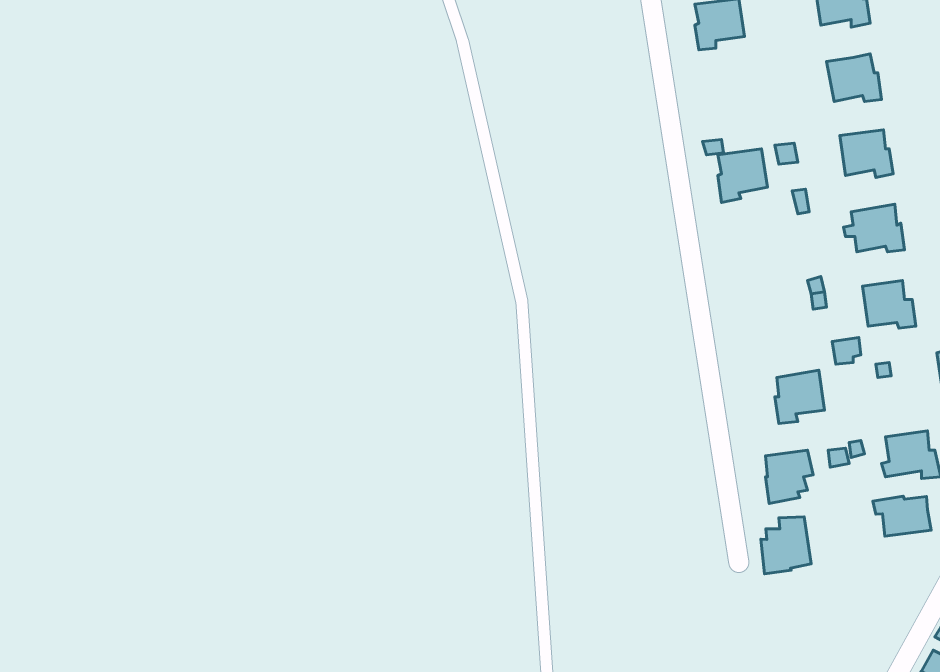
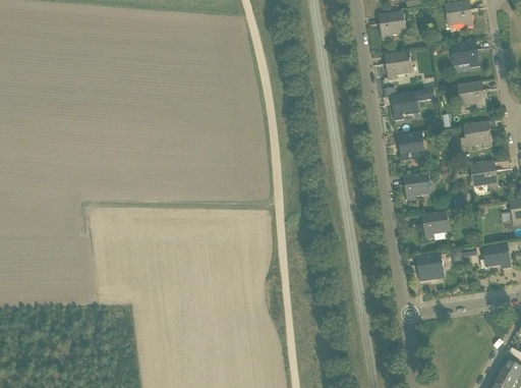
building: none -> [386,50,412,78]
building: none -> [398,131,424,159]
building: none -> [404,171,431,200]
building: [873,496,931,536] -> none
building: [761,517,811,574] -> none

